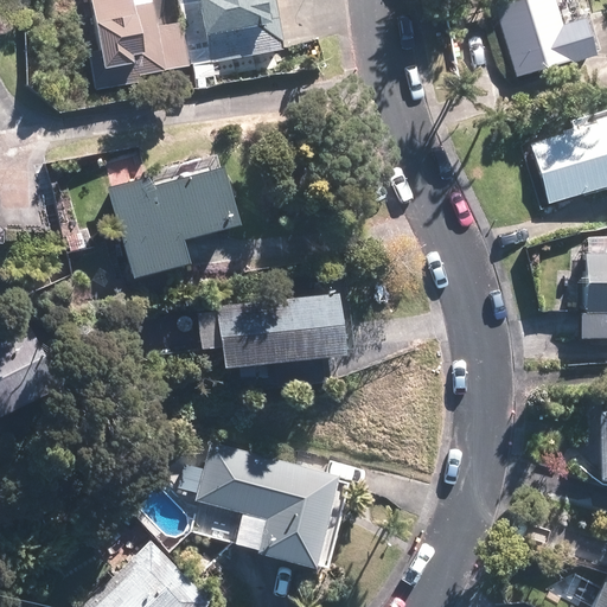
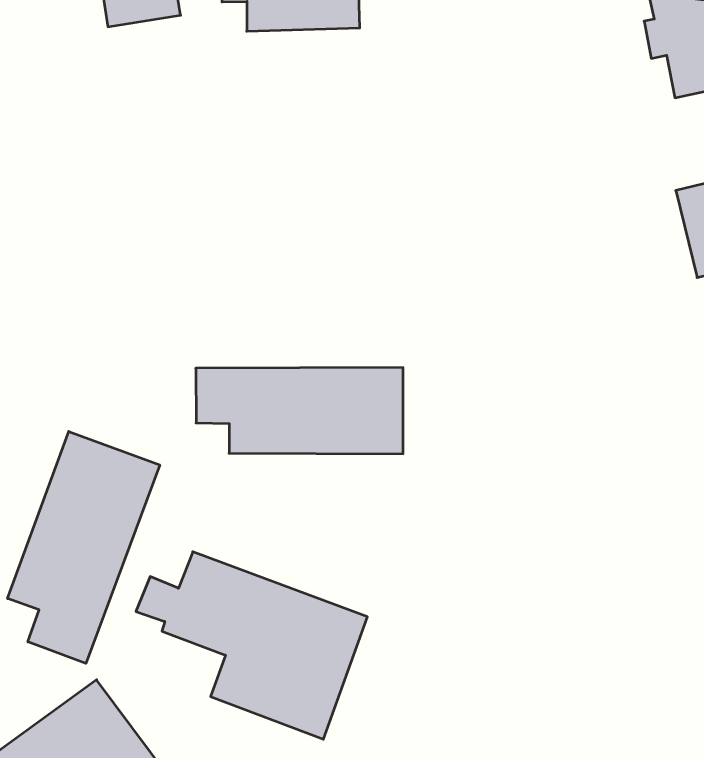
building: [109,154,250,280] -> none
building: none -> [8,431,160,663]

